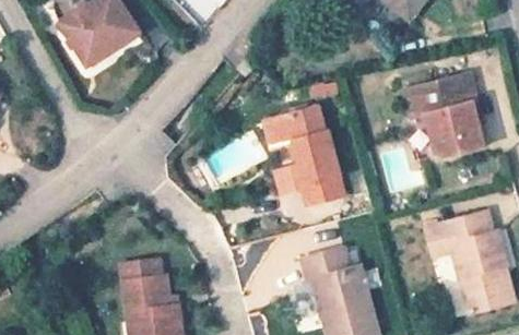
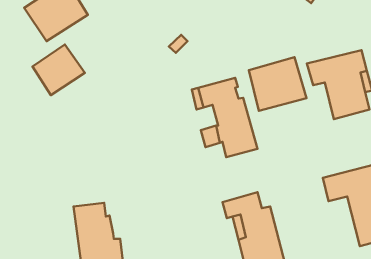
building: none -> [33,44,85,95]
building: none -> [249,57,307,111]

